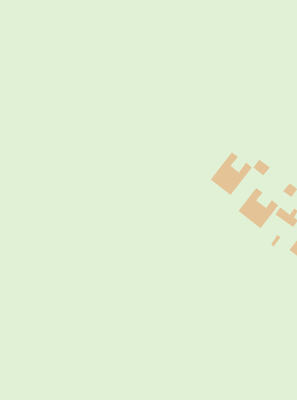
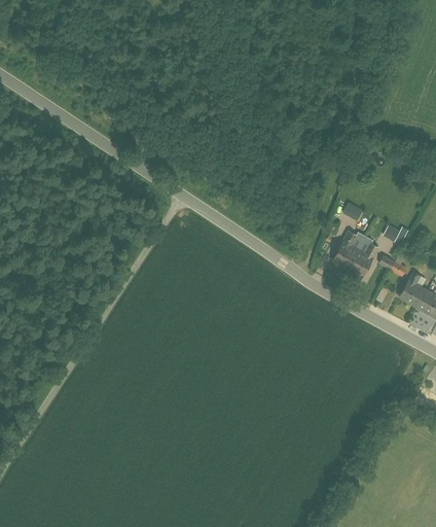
building: [210,151,252,196] -> none

